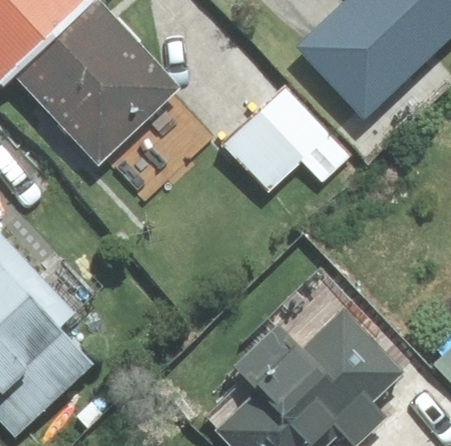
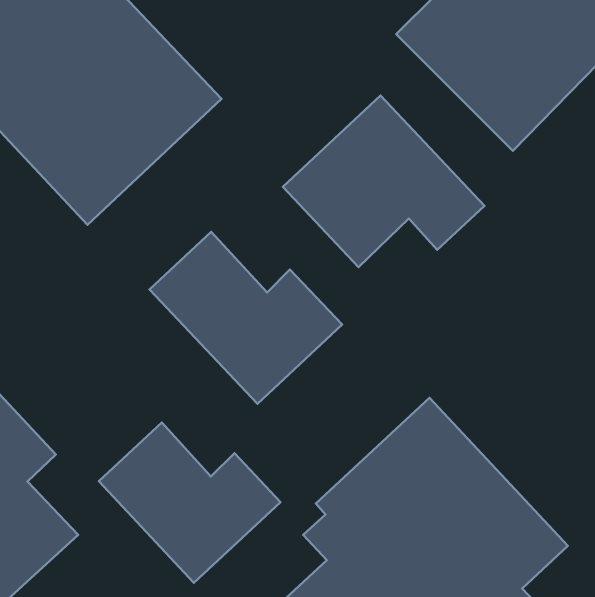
building: none -> [150,232,342,404]
building: none -> [99,423,280,583]

